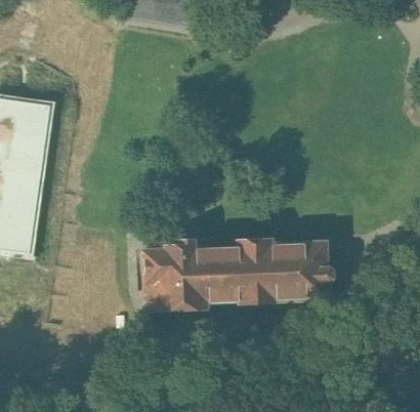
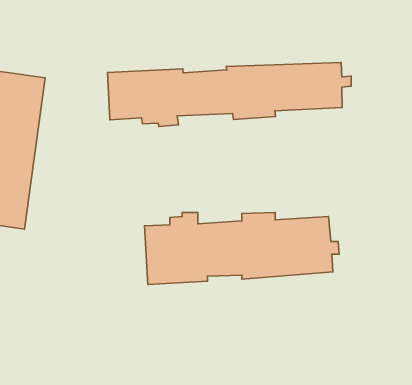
building: none -> [108,63,351,127]

